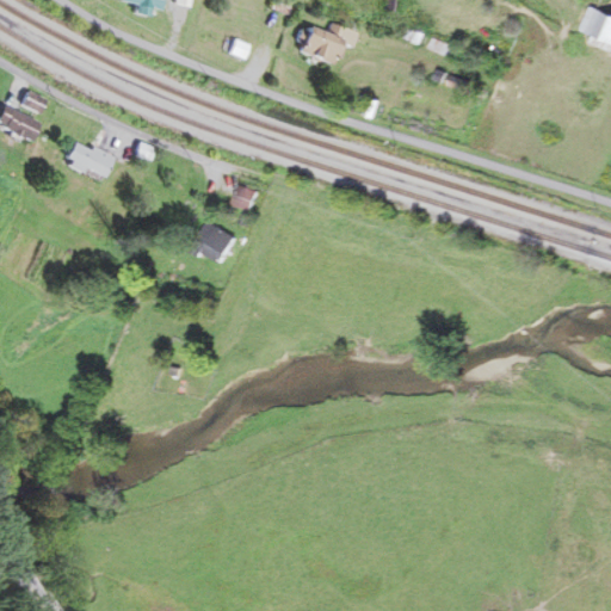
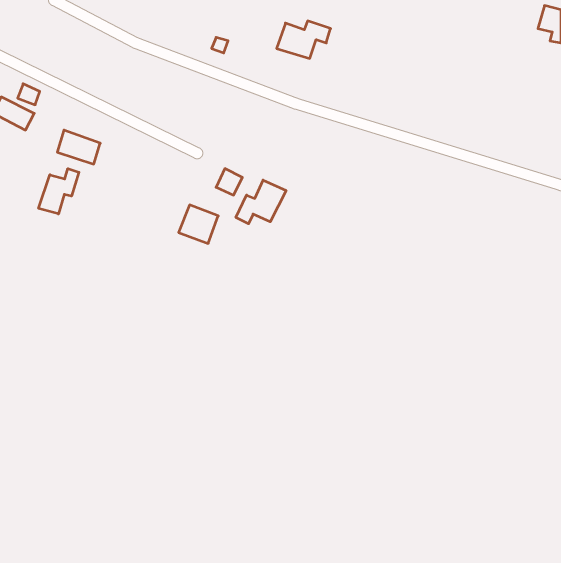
building: none -> [39,169,79,214]
building: none -> [236,180,286,224]

